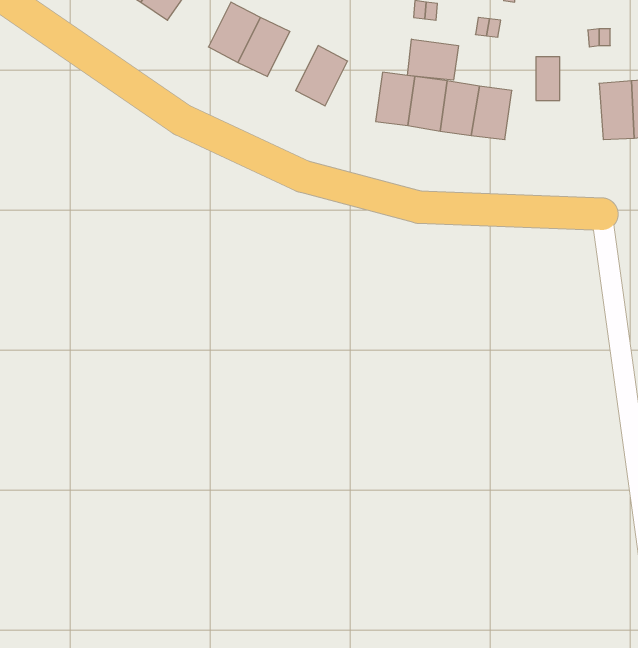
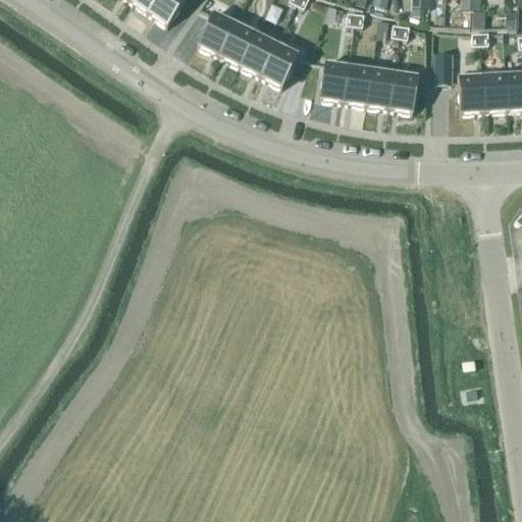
building: none -> [241,32,277,74]
building: [408,39,458,80] -> none
building: none -> [458,69,484,111]

